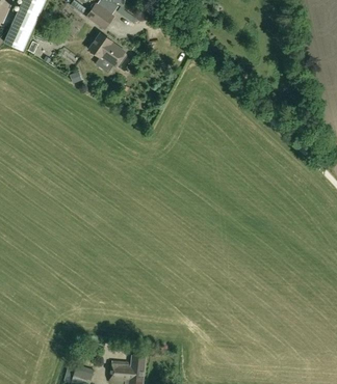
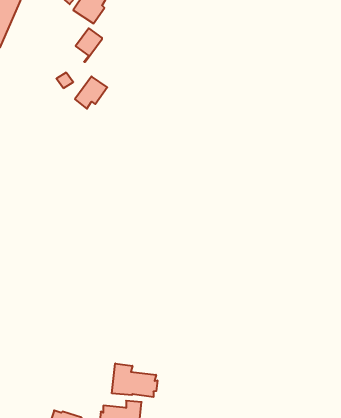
building: [97,42,125,70] -> [75,76,107,109]
building: none -> [112,363,157,397]

